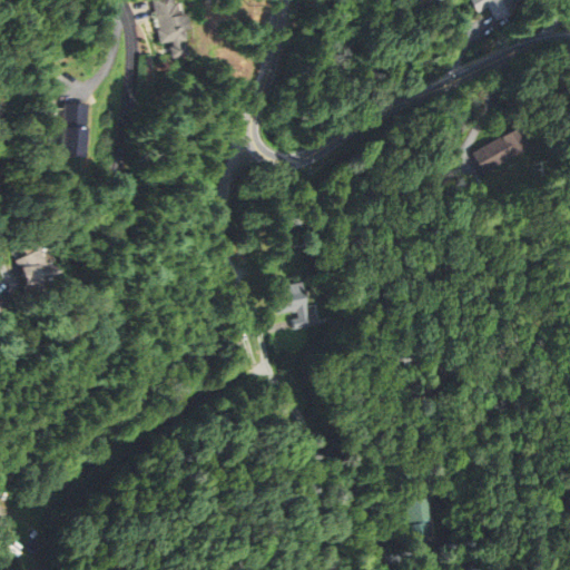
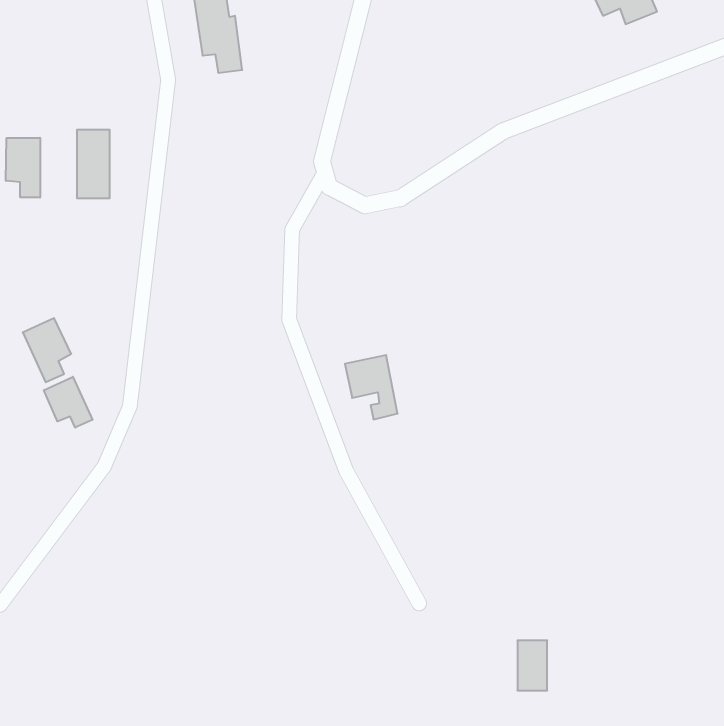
building: none -> [6,138,40,198]
building: [471,128,529,171] -> none
building: none -> [44,377,92,428]

